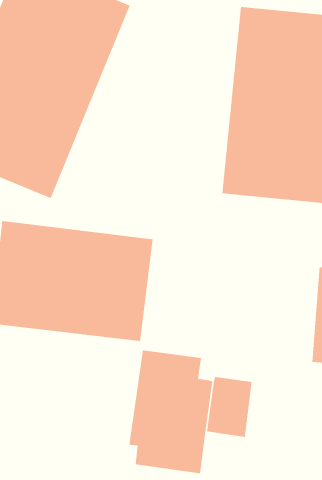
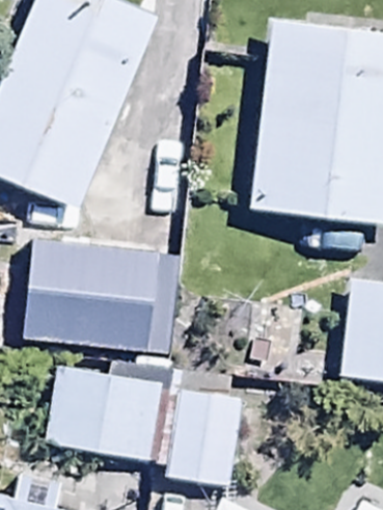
building: none -> [37,354,165,460]

